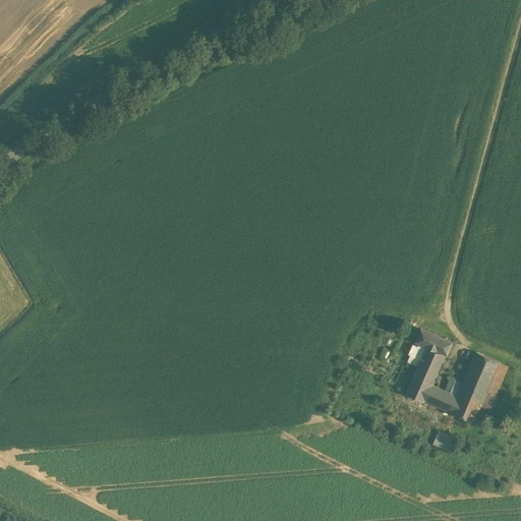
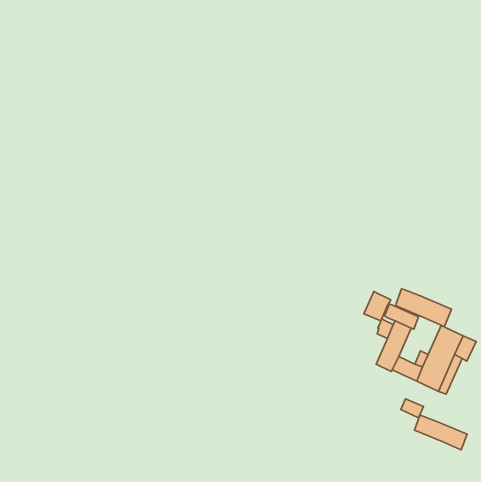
building: none -> [395,289,451,327]
building: none -> [364,291,391,321]
building: none -> [414,415,467,450]

